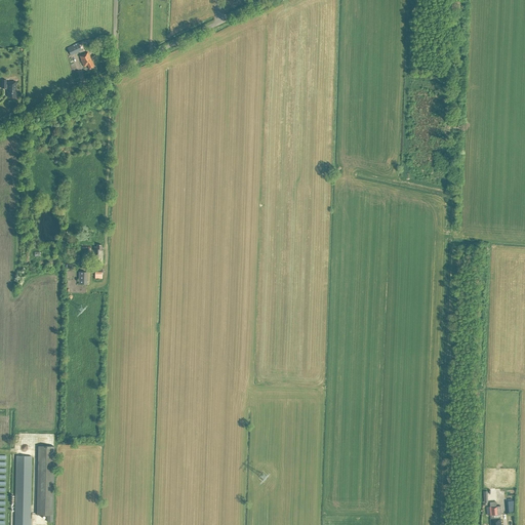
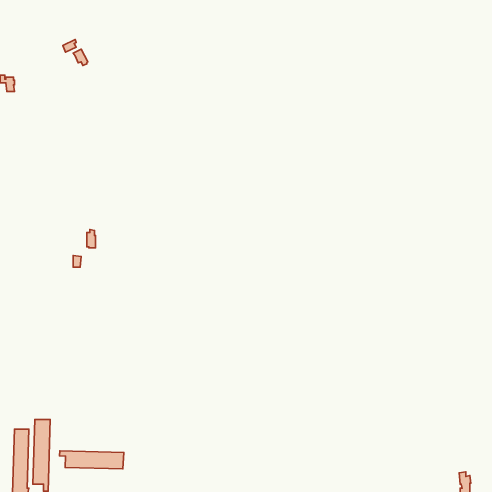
building: none -> [60,451,124,469]

